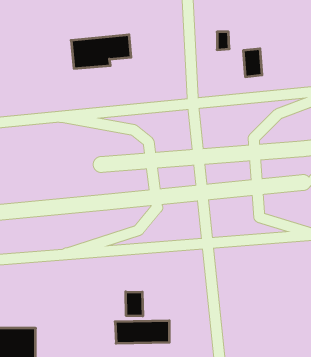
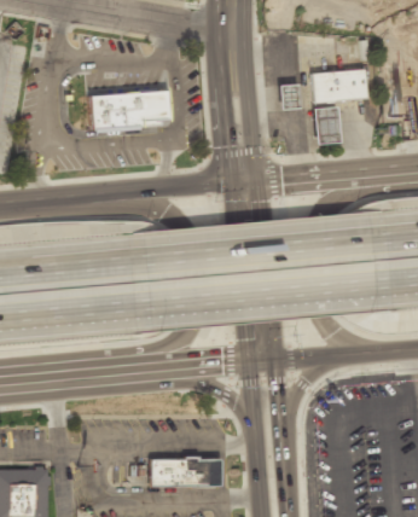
building: none -> [315,66,372,101]
building: [126,292,143,316] -> none

